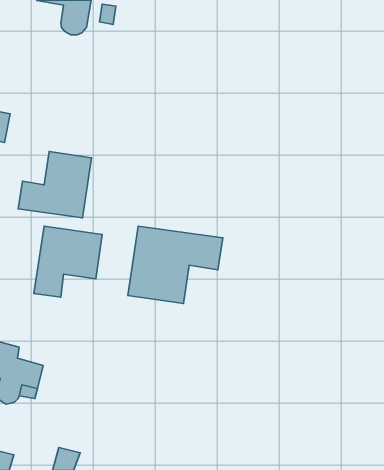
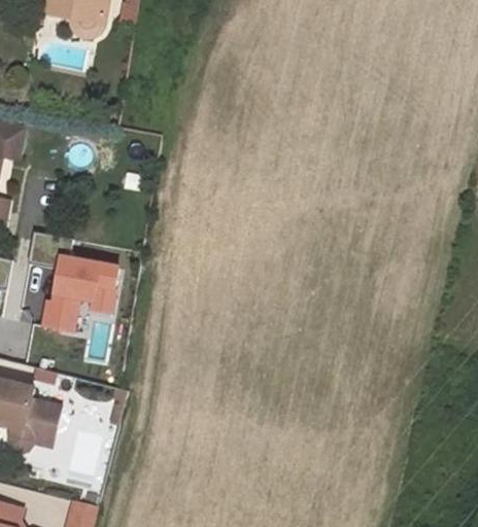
building: [18,152,92,218] -> none
building: [128,226,223,304] -> none

